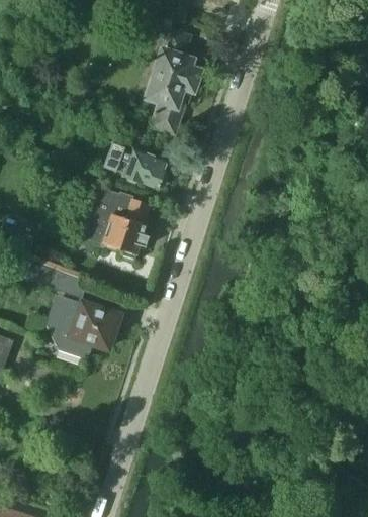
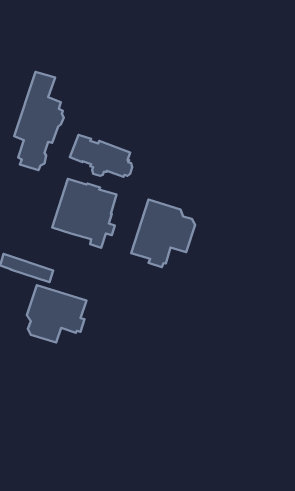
building: [147,30,198,132] -> [14,72,64,170]
building: none -> [131,199,195,267]

